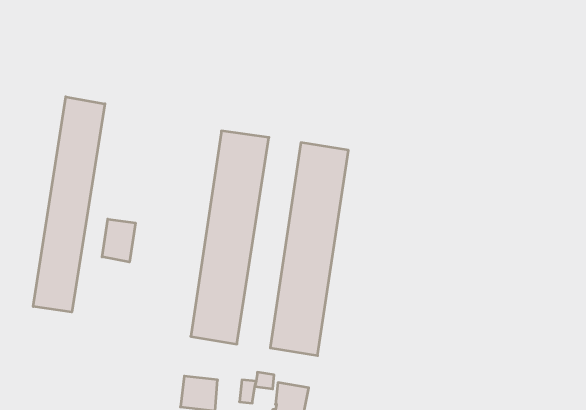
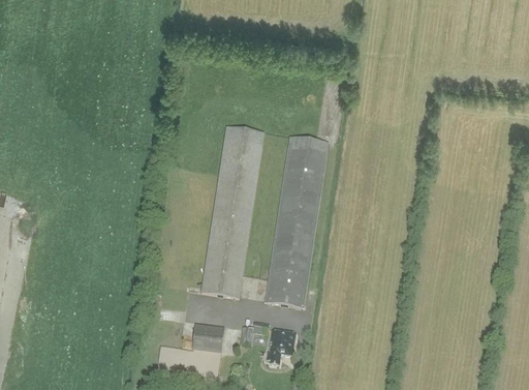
building: [33,97,105,312] -> none
building: [102,219,135,262] -> none

